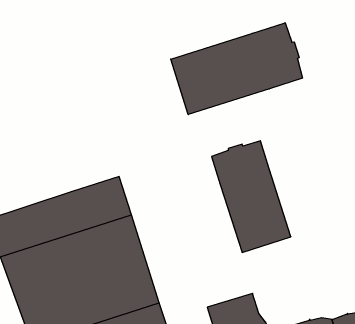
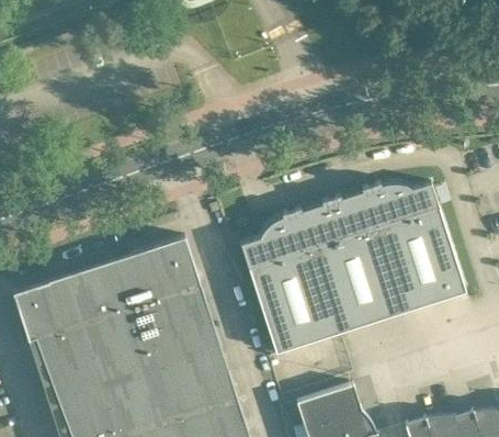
building: [171,23,303,115] -> none
building: none -> [362,184,466,314]
building: none -> [241,211,340,355]

